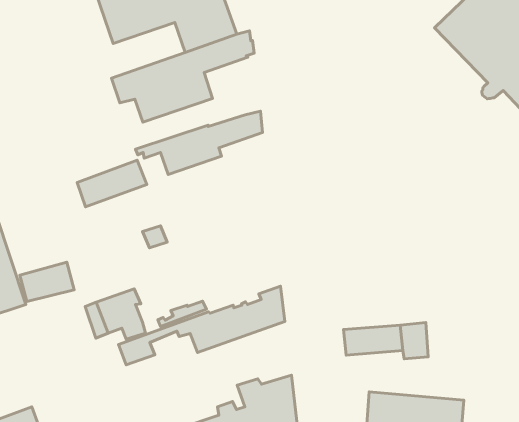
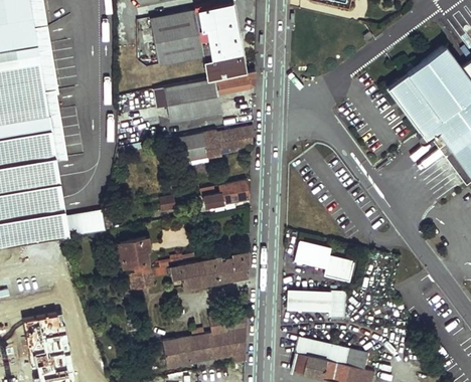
building: [77,160,147,207] -> [201,181,250,208]
building: none -> [295,242,354,281]

